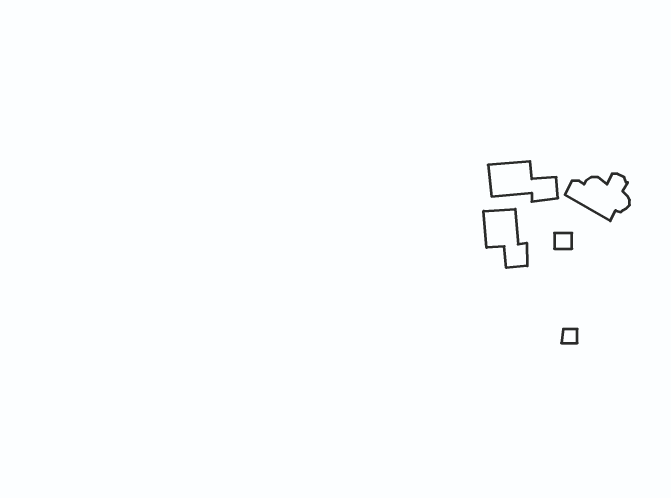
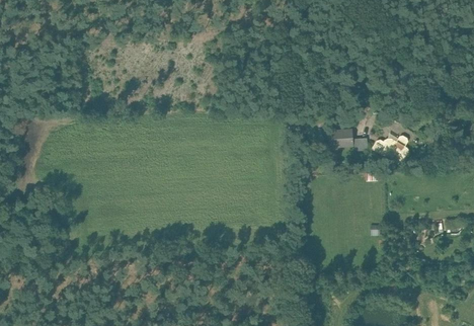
building: [484,209,527,268] -> none

